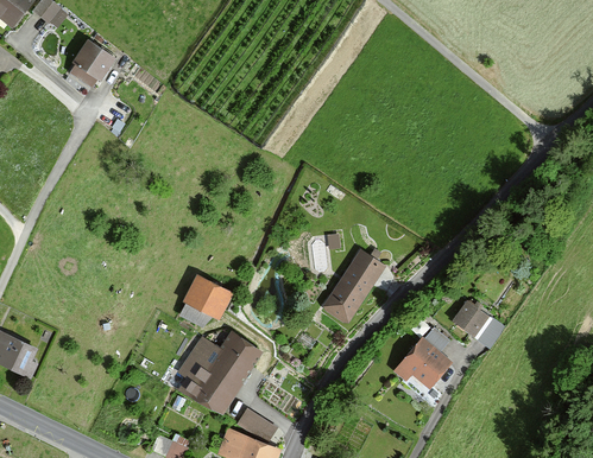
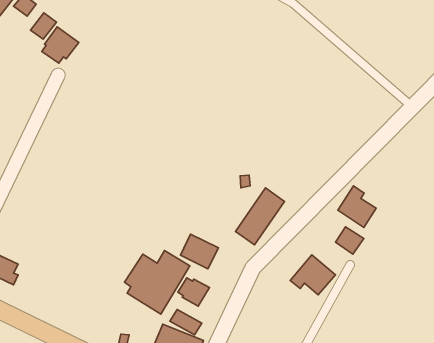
building: none -> [30,13,56,39]
building: none -> [338,186,376,227]
building: [184,274,234,319] -> [180,234,219,269]
building: none -> [178,278,209,306]

